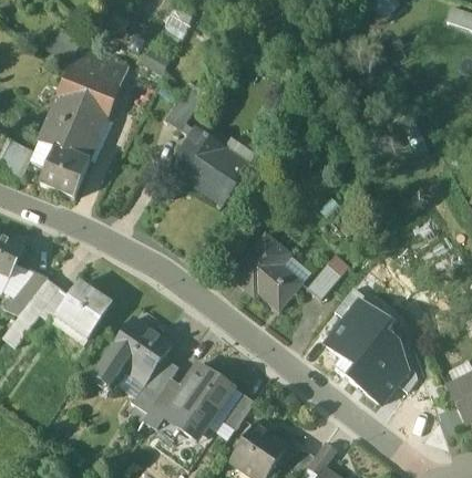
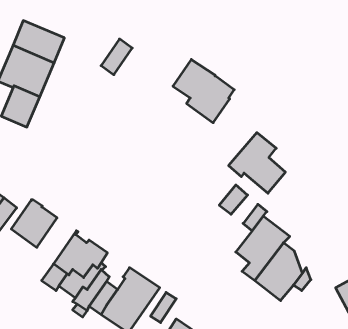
building: [70,45,126,85] -> none
building: [173,126,247,202] -> [173,59,234,123]
building: [232,233,300,306] -> [229,133,285,193]

